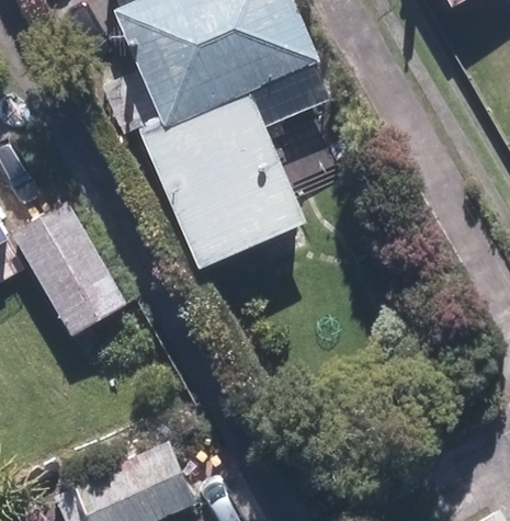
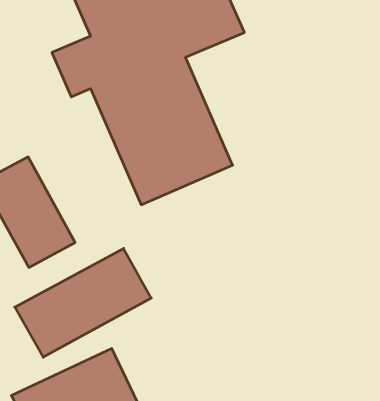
building: none -> [15,248,151,357]

